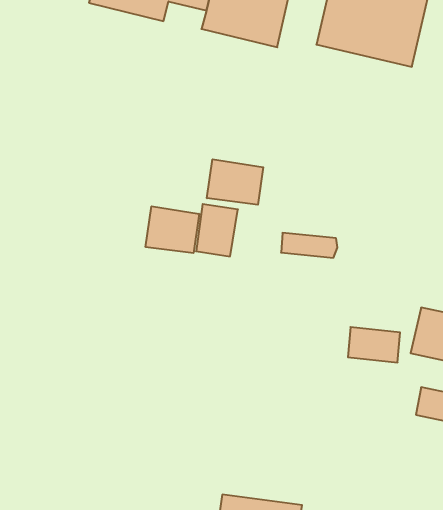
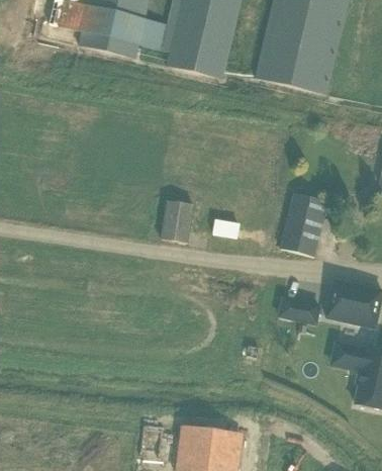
building: [207,159,263,205] -> none
building: none -> [280,193,326,256]
building: [146,206,199,253] -> none

